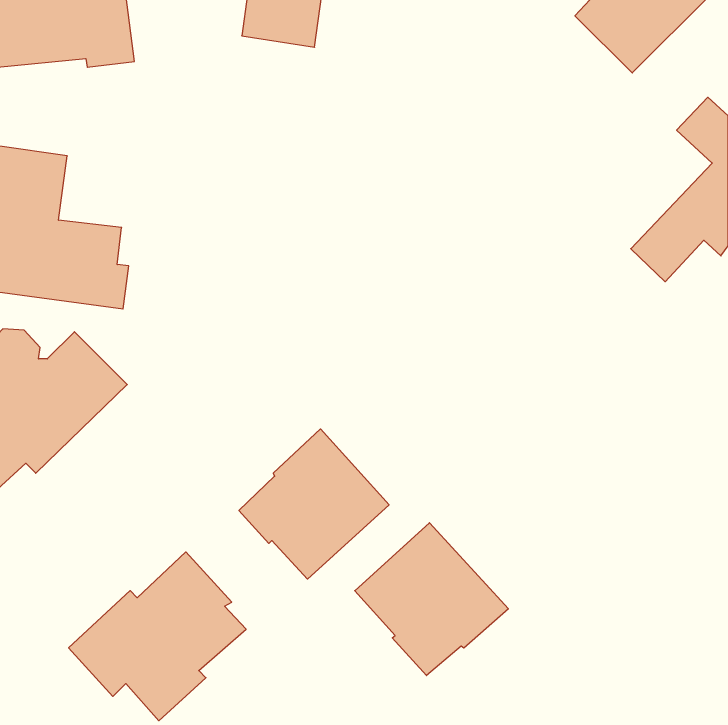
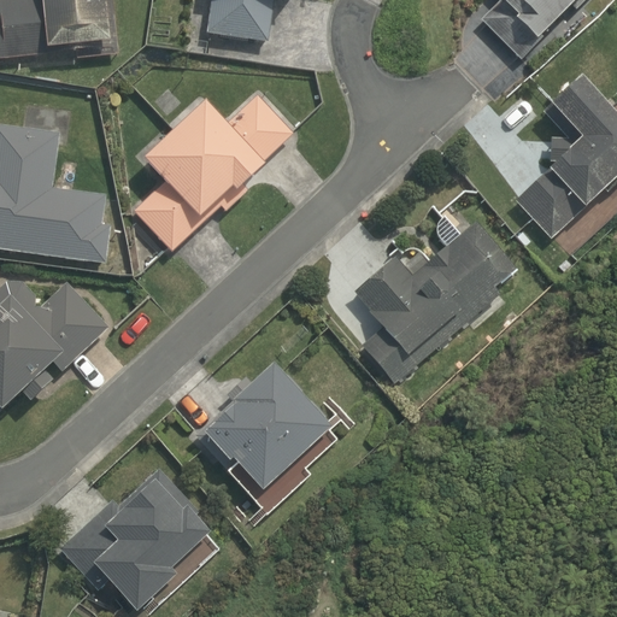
building: none -> [131,92,290,248]
building: none -> [363,233,519,386]
building: [355,523,508,676] -> none

